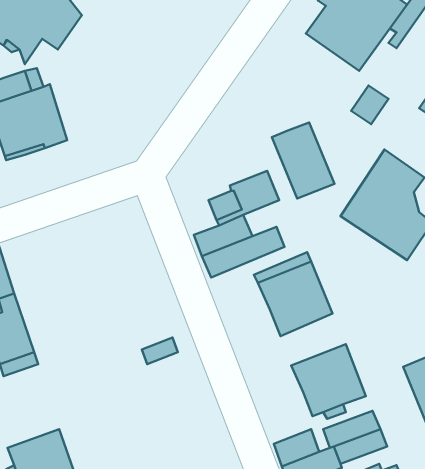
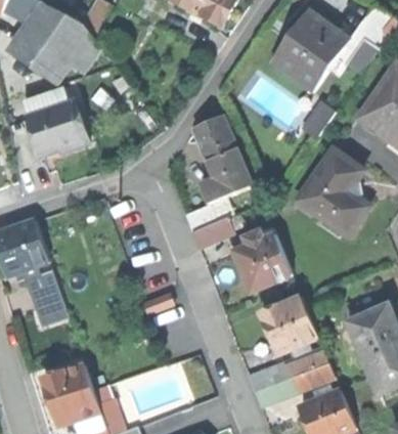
building: [272,122,334,198] -> [193,119,241,177]

